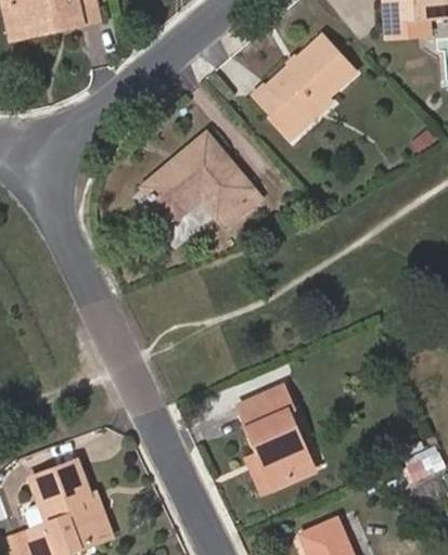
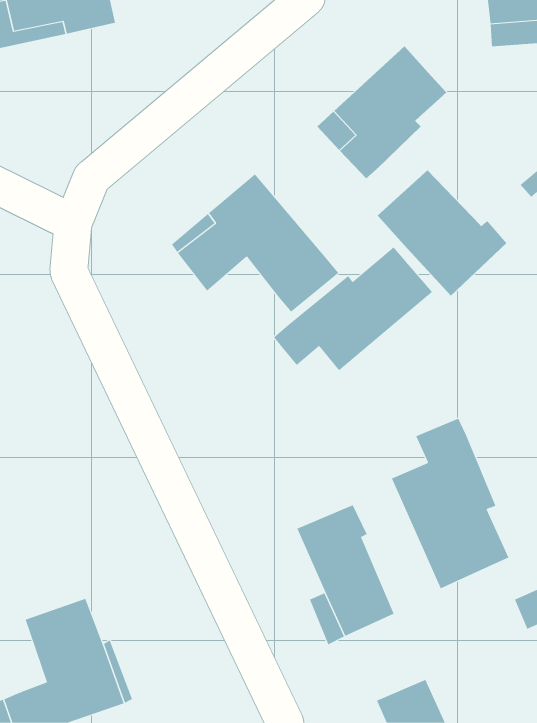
building: none -> [377,169,507,296]
building: none -> [273,246,433,371]
building: none -> [391,418,509,589]

